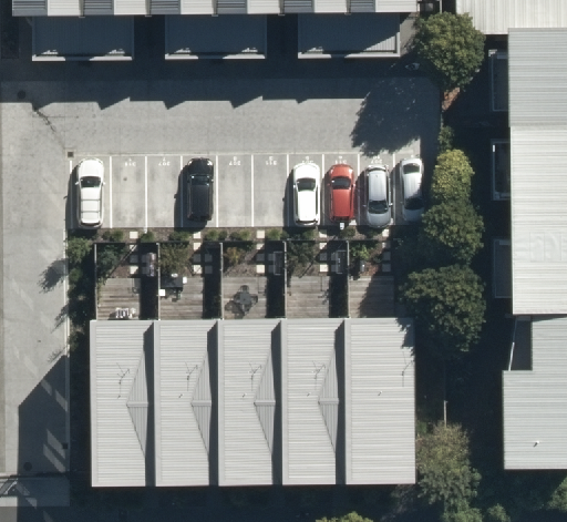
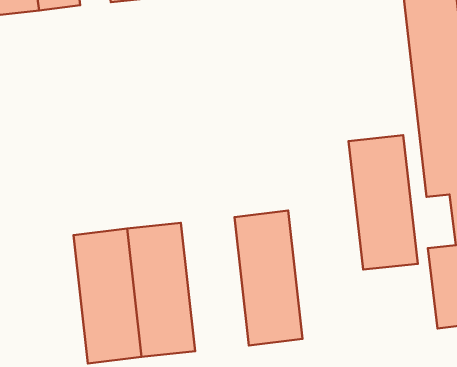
building: [348,317,412,465] -> [348,135,418,270]
building: [224,318,287,467] -> none

